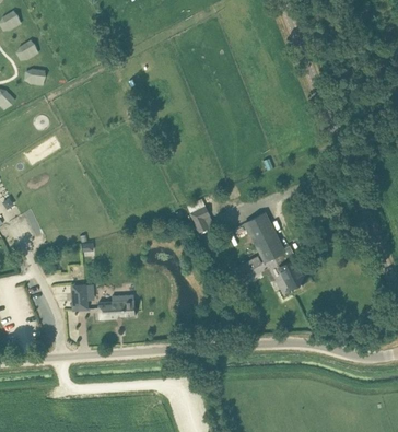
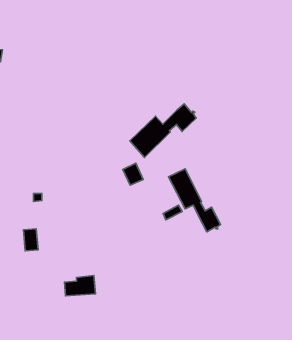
building: none -> [130,104,196,158]
building: [97,294,134,318] -> [65,276,96,296]

